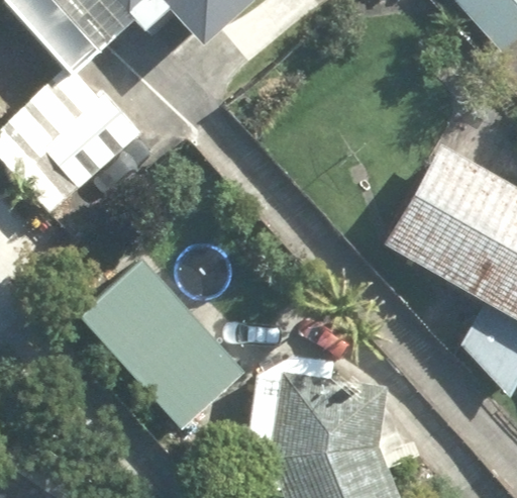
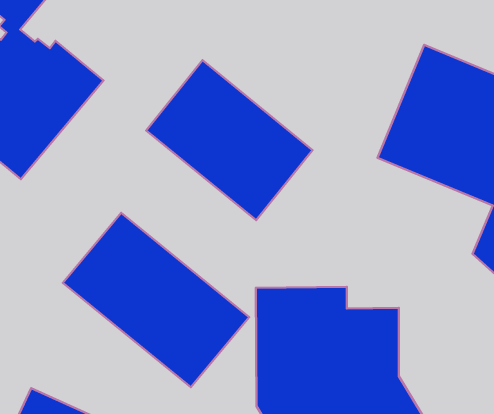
building: none -> [146,60,313,220]

